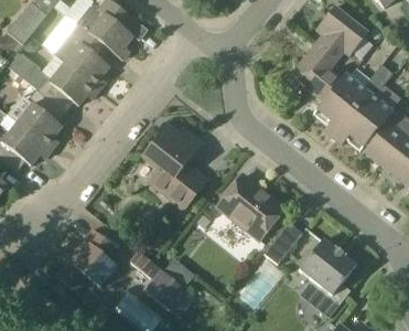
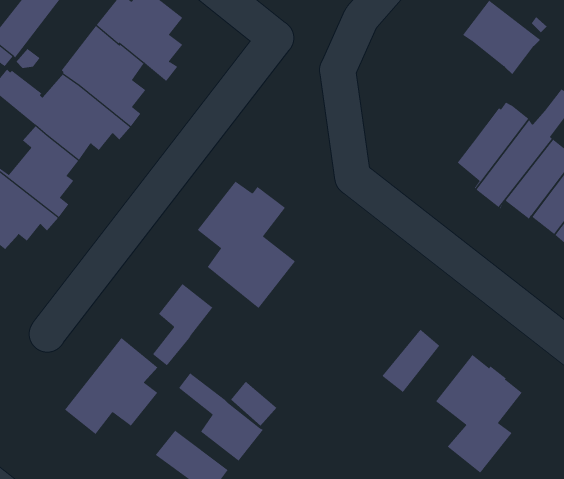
building: [291,33,344,99] -> none
building: [216,175,286,239] -> none
building: none -> [152,283,214,366]

